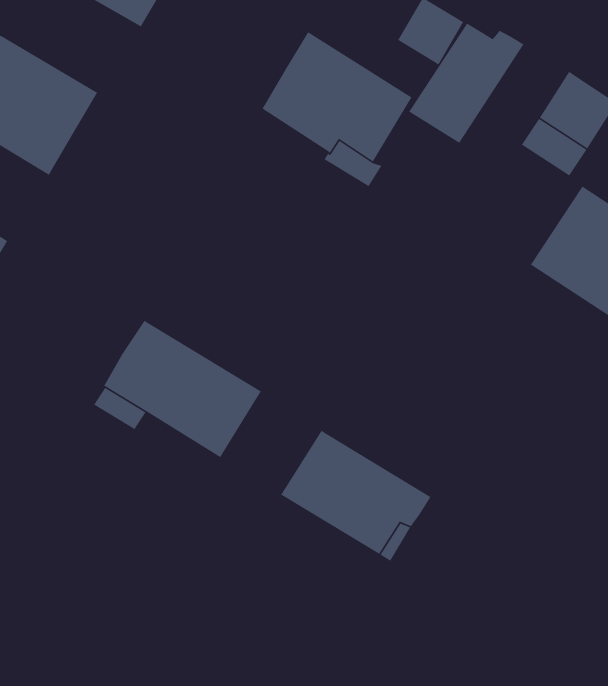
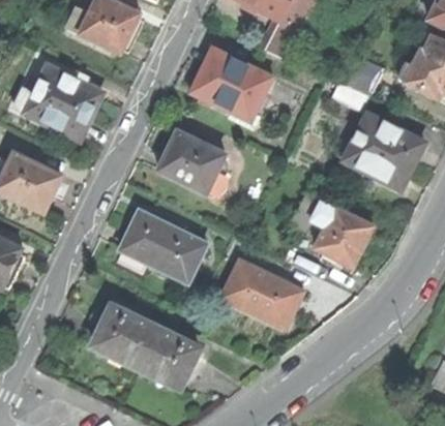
building: [408,22,525,144] -> none
building: none -> [158,124,226,193]
building: none -> [292,192,373,266]
building: none -> [93,305,200,387]

